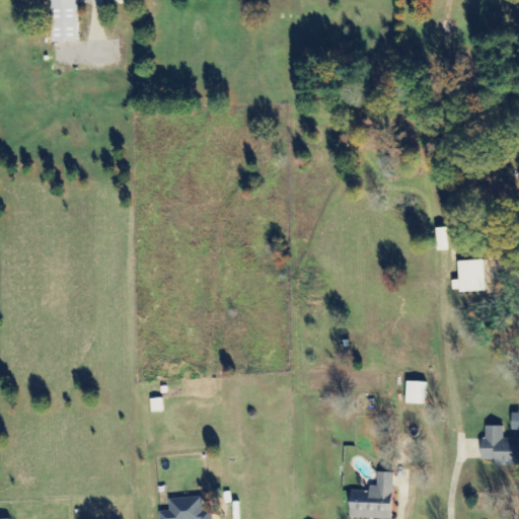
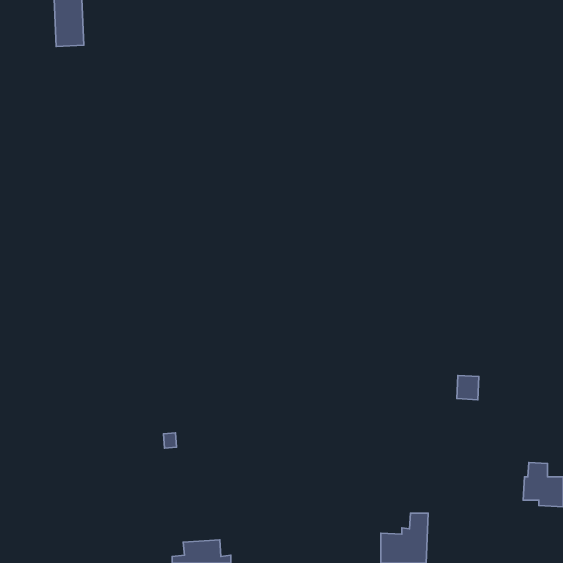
building: [451,260,485,291] -> none
building: [405,381,426,403] -> [457,375,479,400]

